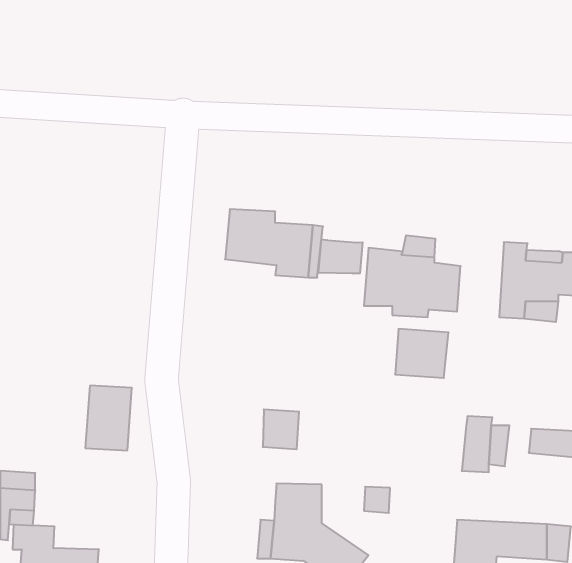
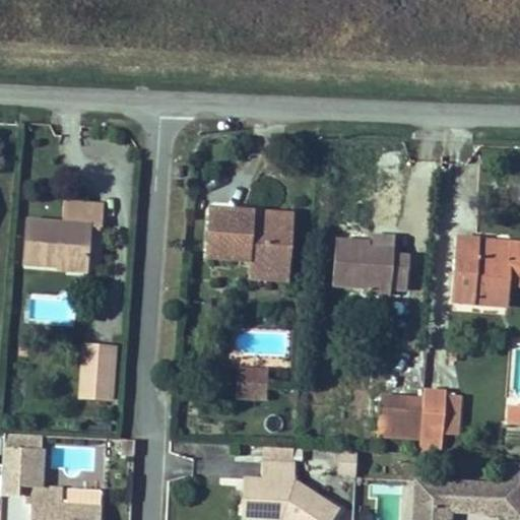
building: none -> [22,197,105,266]
building: [318,239,363,274] -> none
building: [395,329,449,378] -> [377,393,425,437]

